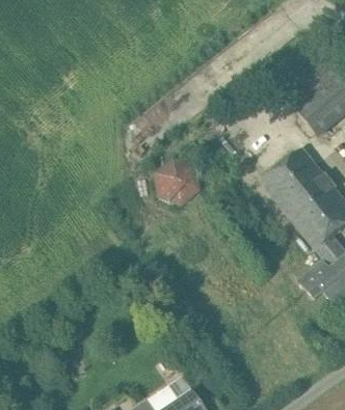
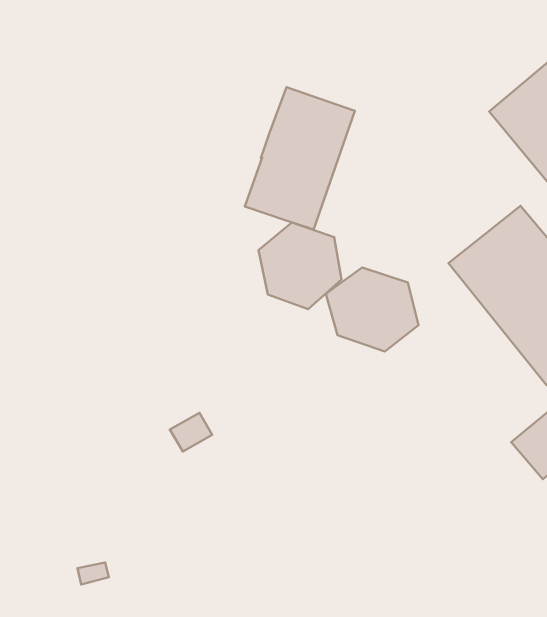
building: none -> [245,87,355,230]
building: none -> [326,267,418,351]

